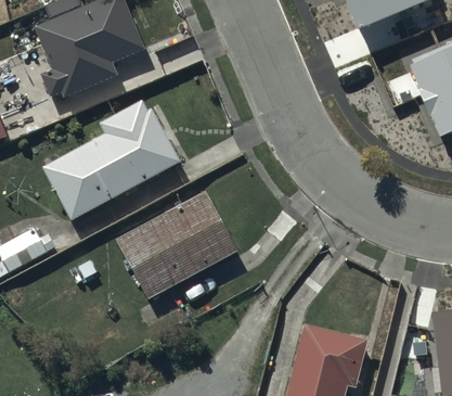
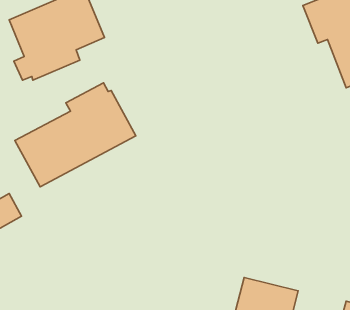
building: [115,193,236,299] -> none

